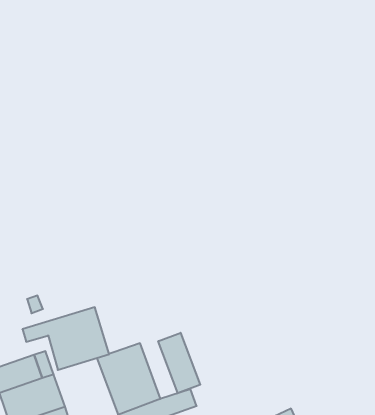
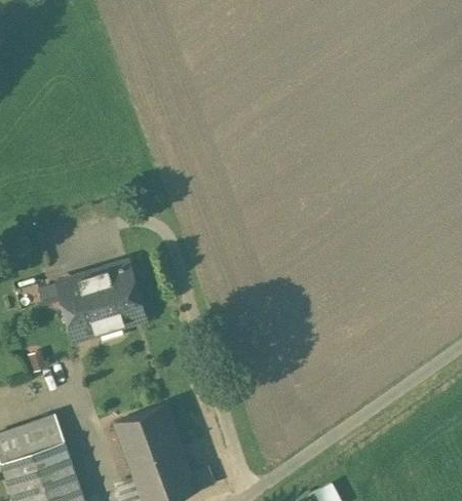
building: [22,307,109,370] -> [38,265,139,338]
building: [158,333,200,393] -> none

